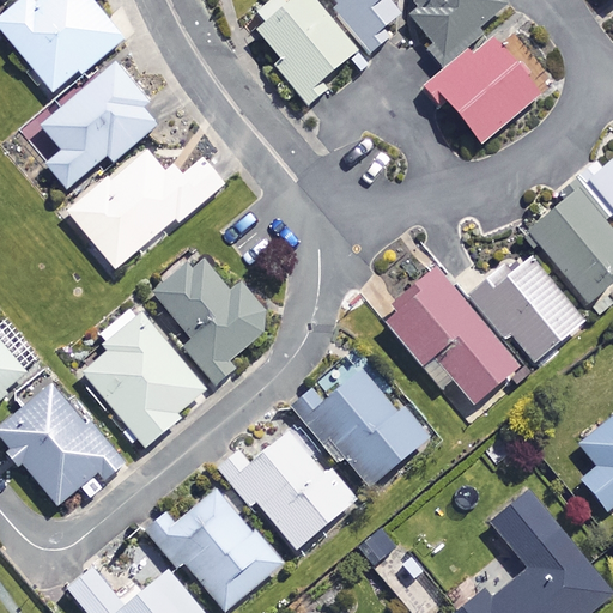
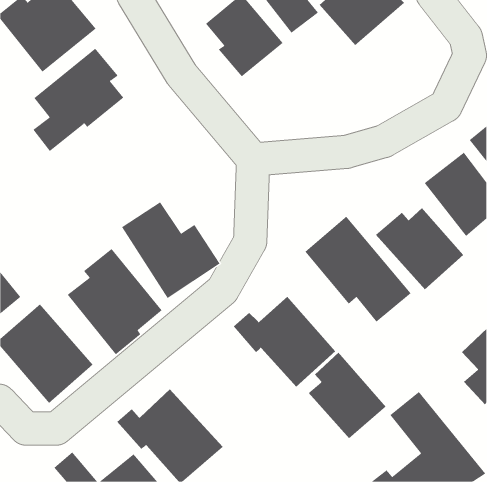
building: [427,38,540,144] -> none
building: [69,150,224,269] -> none
building: [216,431,359,548] -> none
building: none -> [308,352,387,439]

